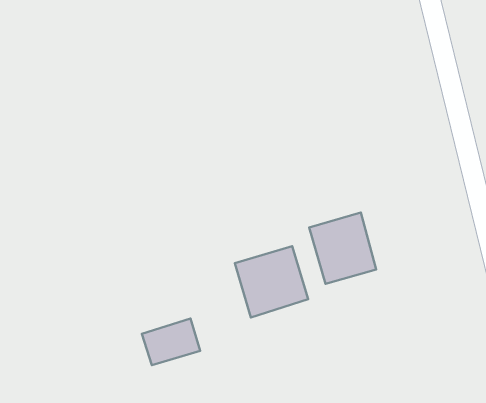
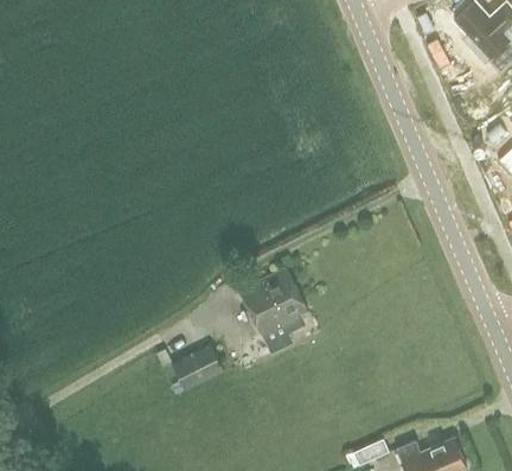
building: [309,212,376,284] -> none

